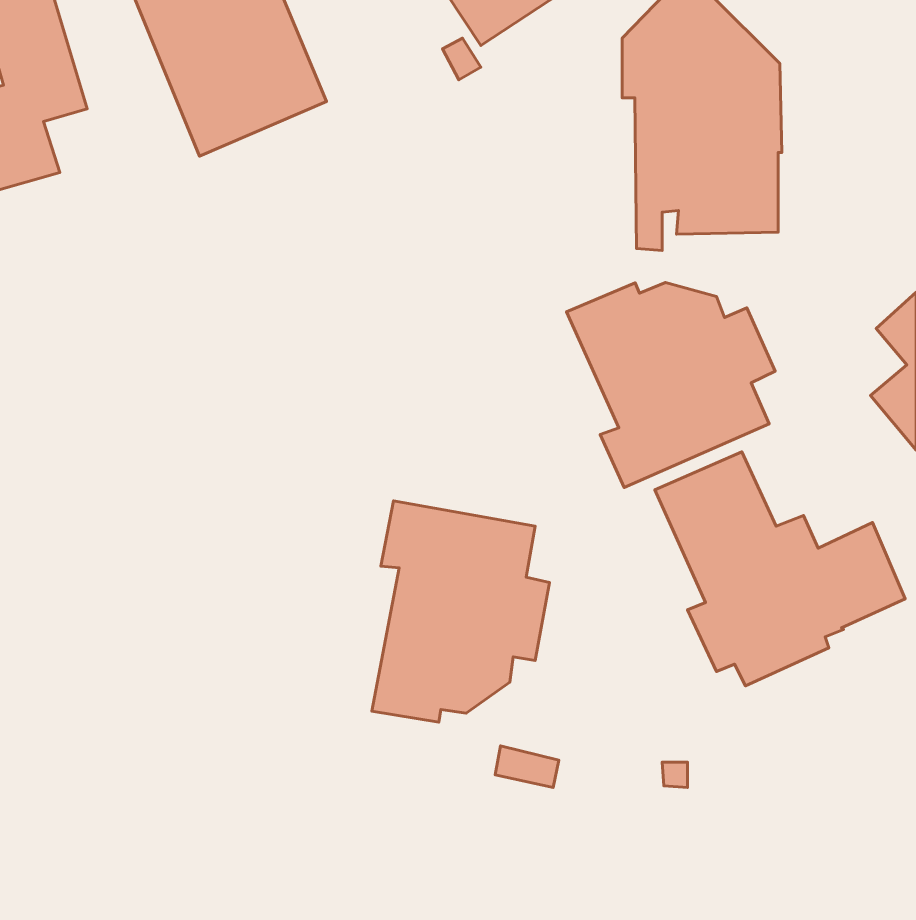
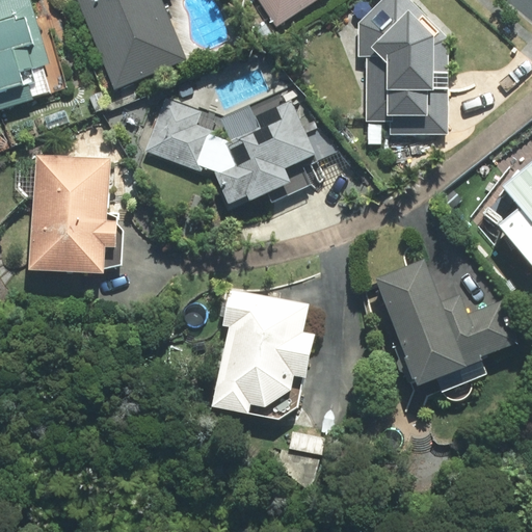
building: none -> [144,96,319,211]
building: none -> [29,159,119,273]
building: [566,283,775,487] -> none

